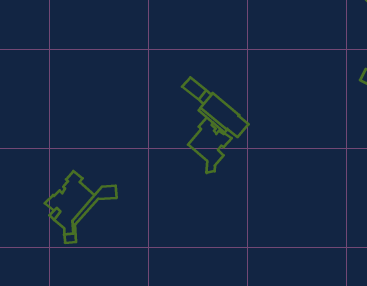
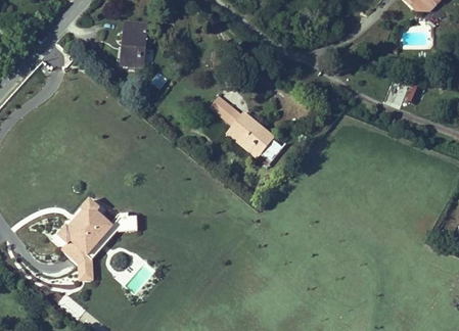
building: none -> [122,21,146,66]
building: [188,118,232,173] -> none

